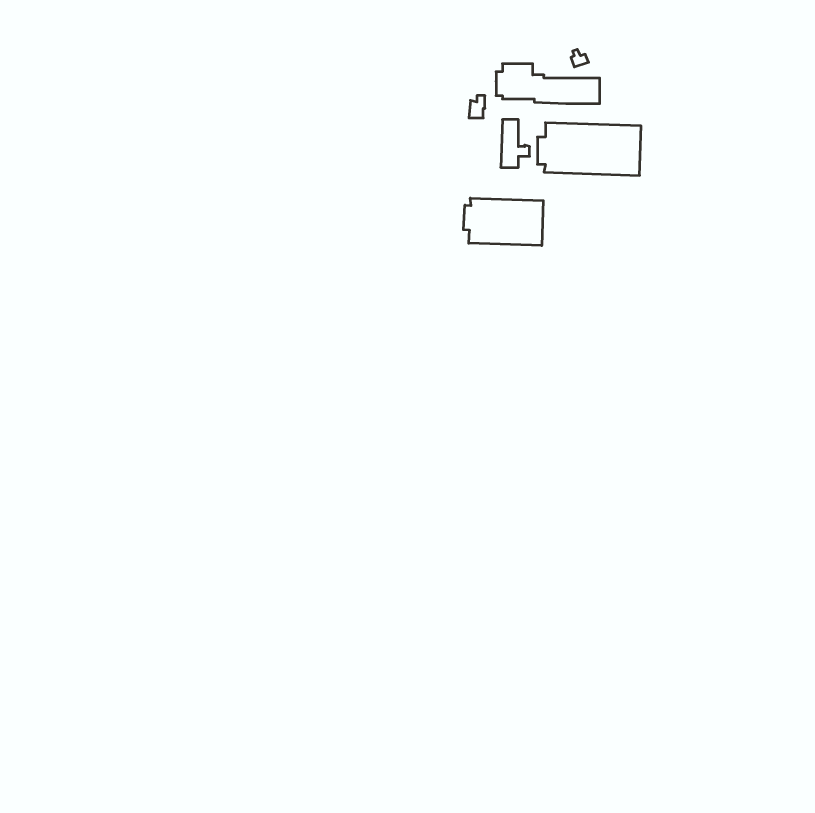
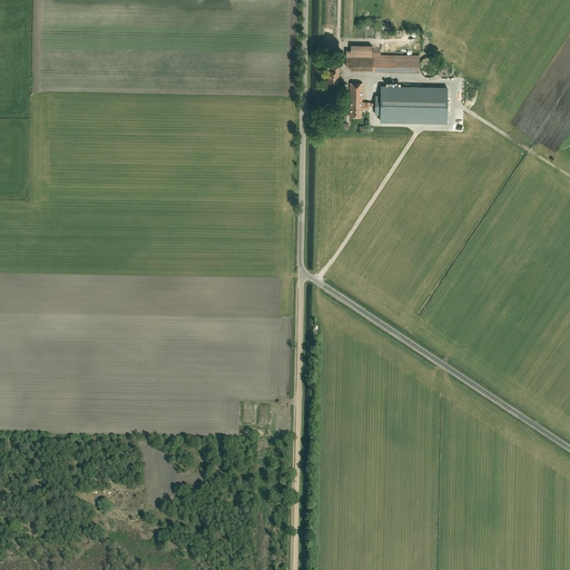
building: [463,198,543,246] -> none

